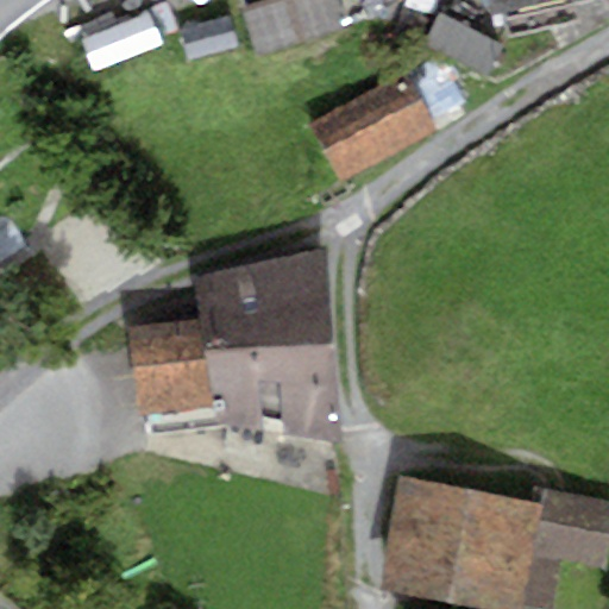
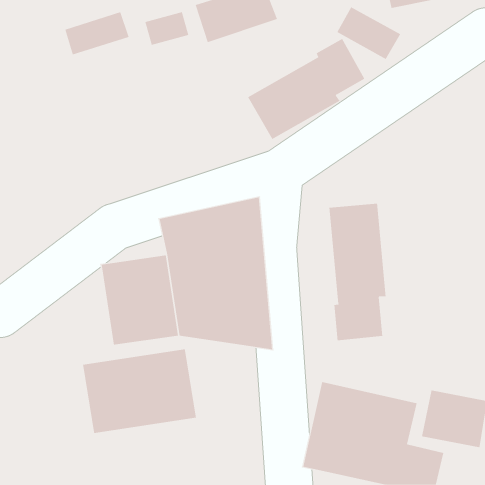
building: none -> [329,203,386,341]
building: none -> [83,348,197,434]

